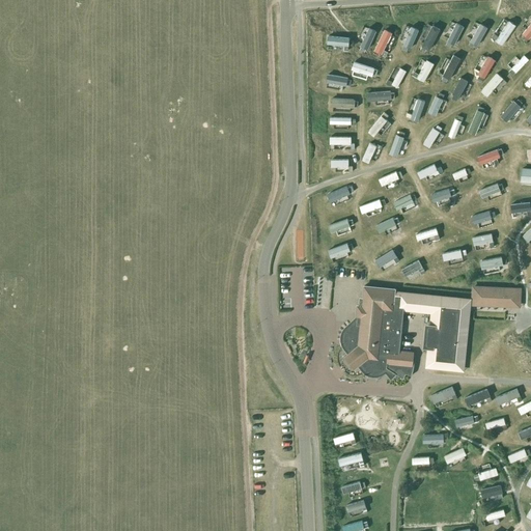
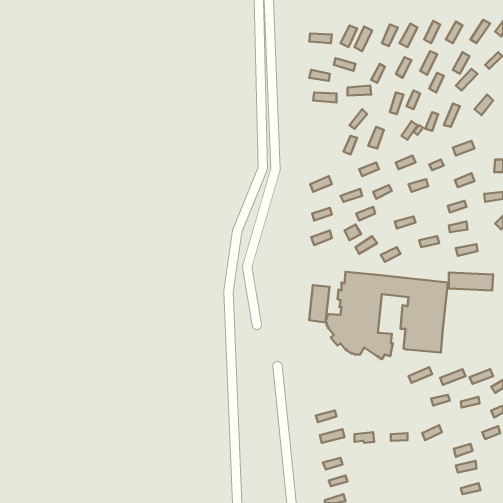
building: none -> [309,285,329,323]

